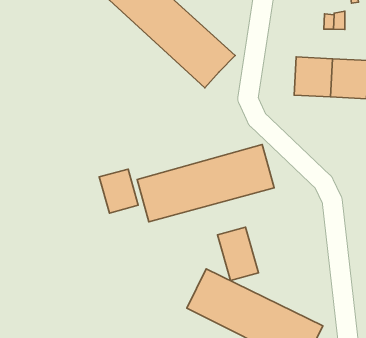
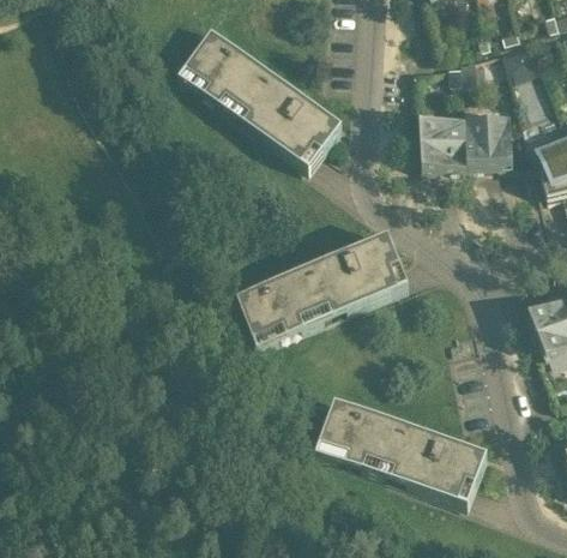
building: [99,169,138,213] -> none
building: [218,227,258,281] -> none

